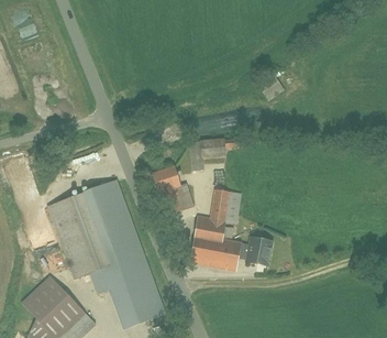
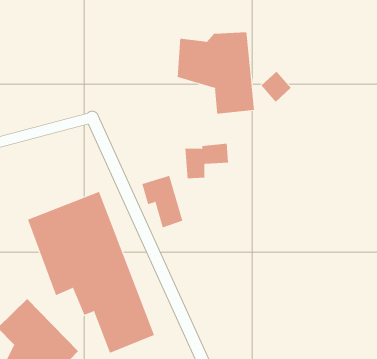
building: none -> [177,31,255,114]
building: [191,188,242,272] -> none
building: [246,237,275,269] -> none

